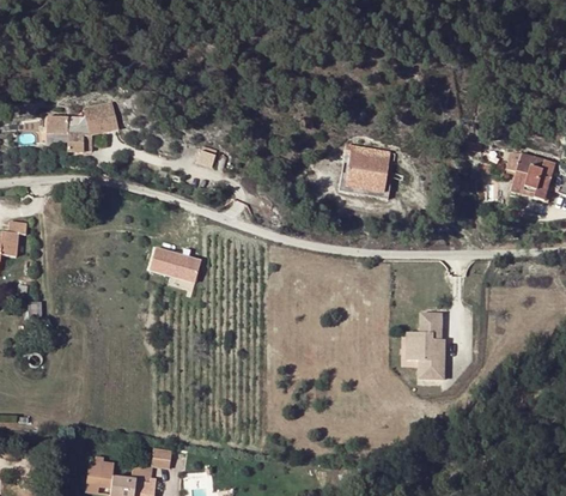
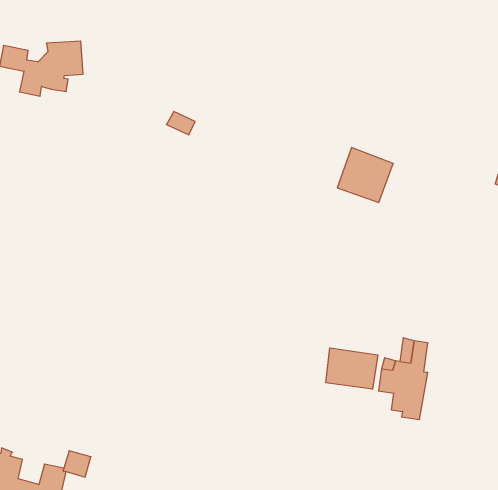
building: [150,247,201,282] -> none
building: none -> [326,348,378,389]

